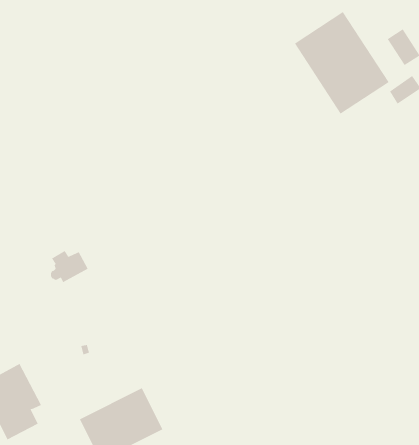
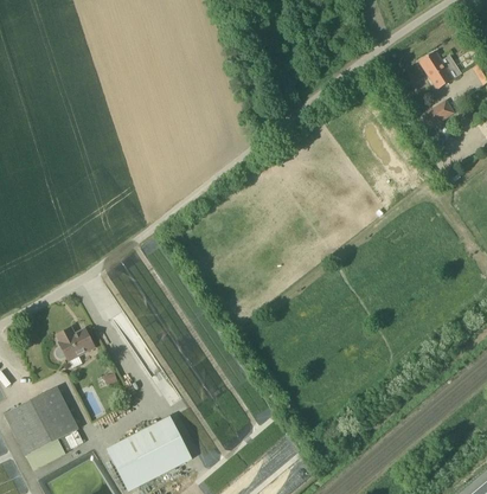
building: [294,11,389,114] -> none
building: [50,250,89,283] -> [56,327,95,360]

